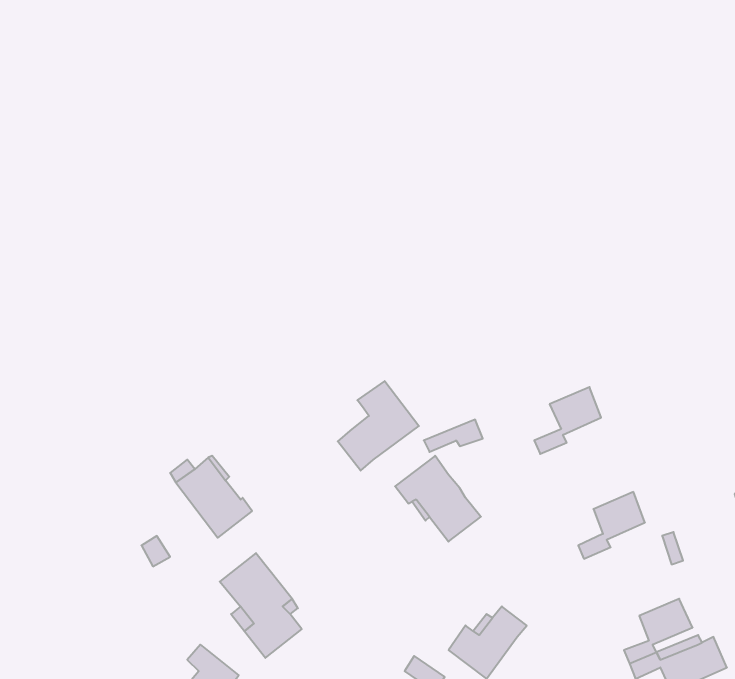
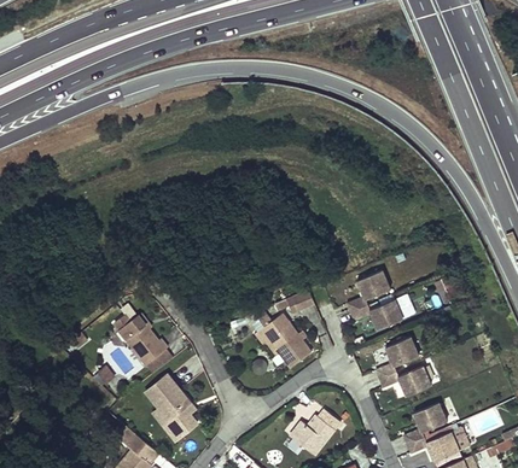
building: [338,381,419,471] -> none
building: none -> [349,300,400,329]
building: none -> [377,367,429,396]

